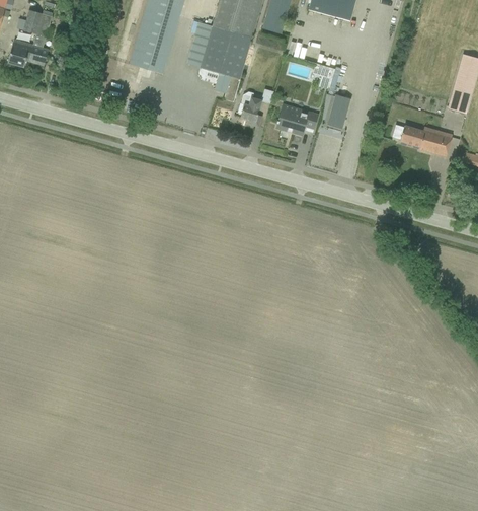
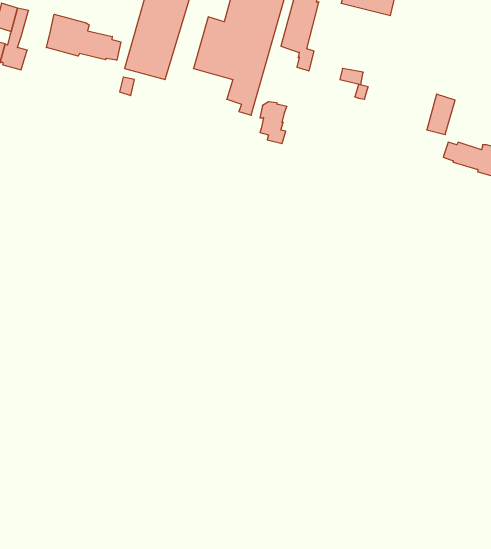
building: none -> [46,14,121,60]
building: [326,93,349,127] -> [427,94,455,135]
building: [275,102,318,134] -> none

